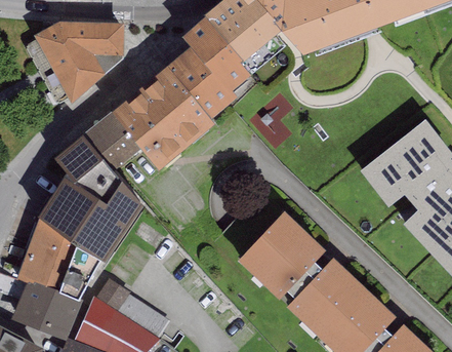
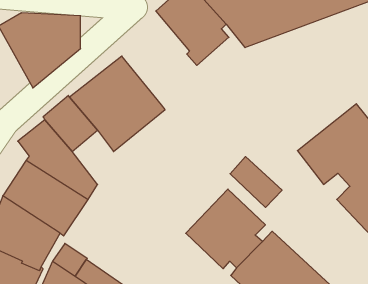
building: [169,17,251,120] -> none
building: none -> [230,157,282,207]

